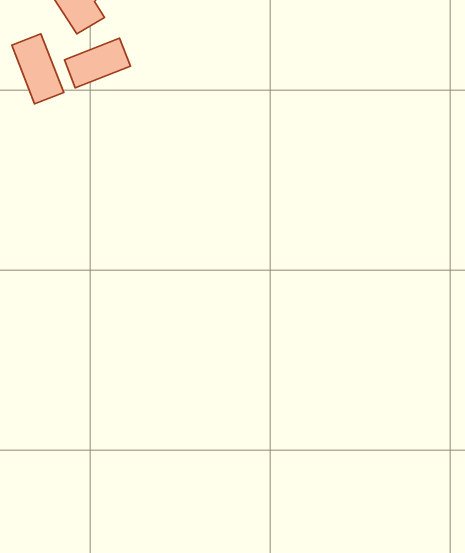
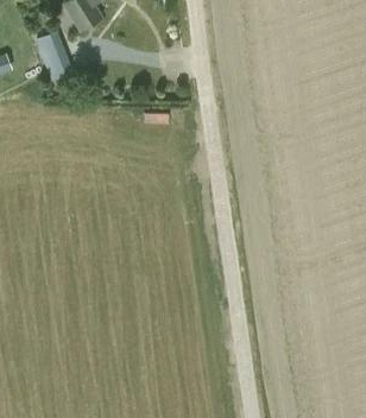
building: [64,38,130,88] -> none

